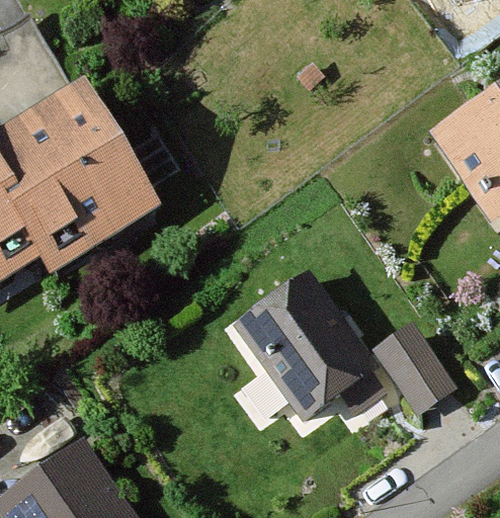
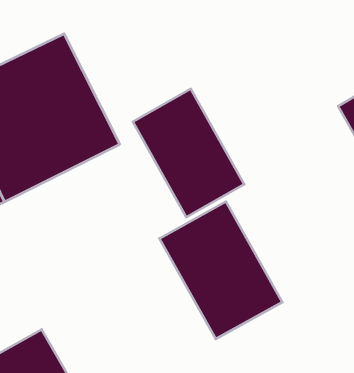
building: none -> [133,89,244,217]
building: [374,321,460,412] -> none

